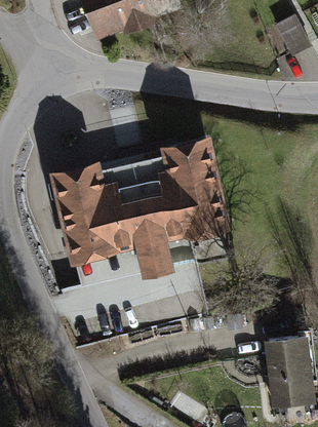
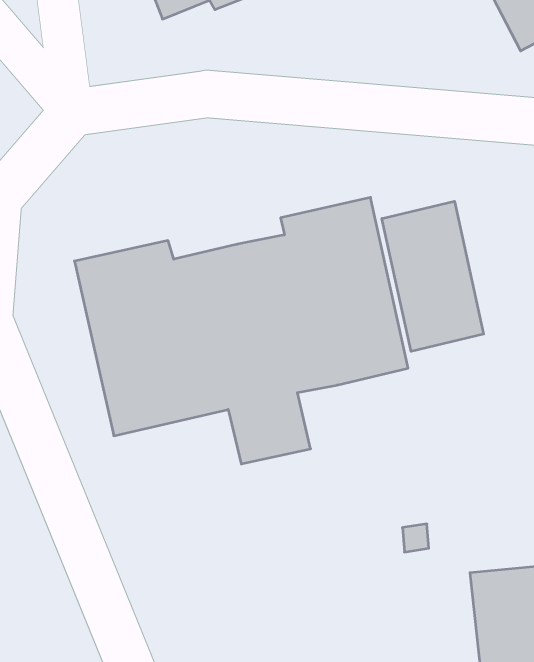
building: none -> [382,201,484,351]

